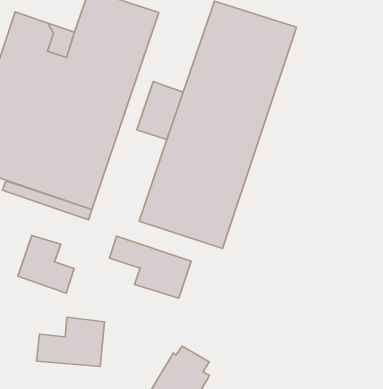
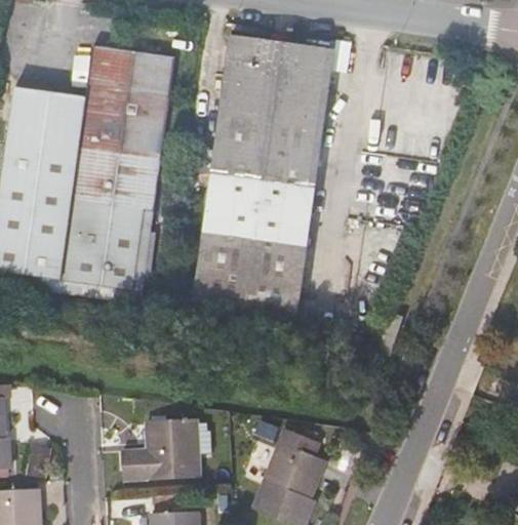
building: [18,235,74,293] -> none
building: [110,236,191,298] -> none

